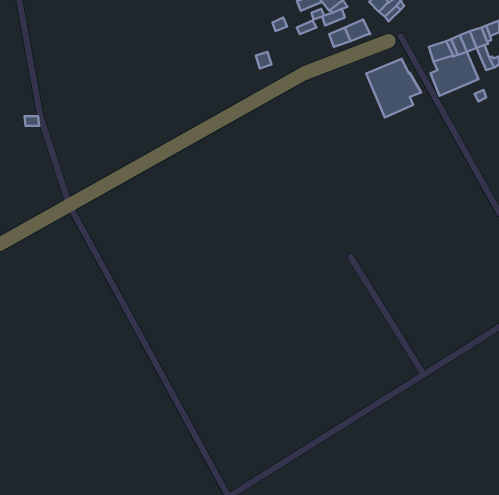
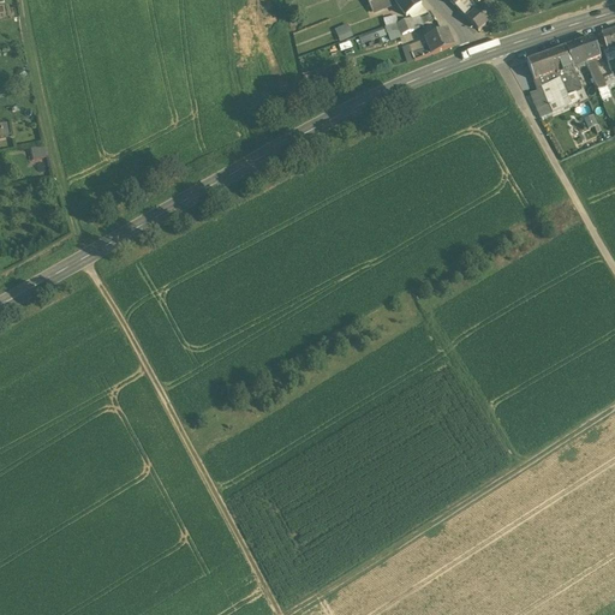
building: [366,59,421,117] -> none

